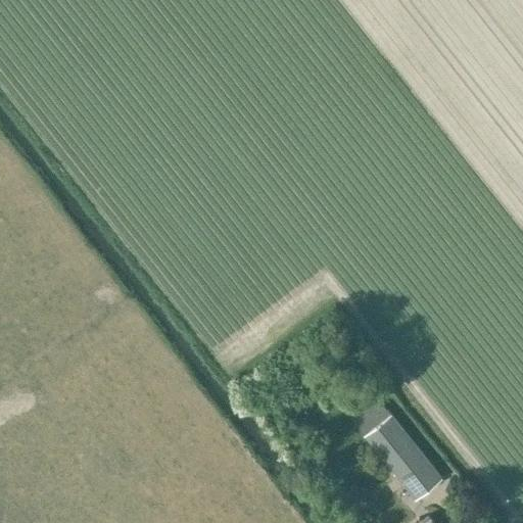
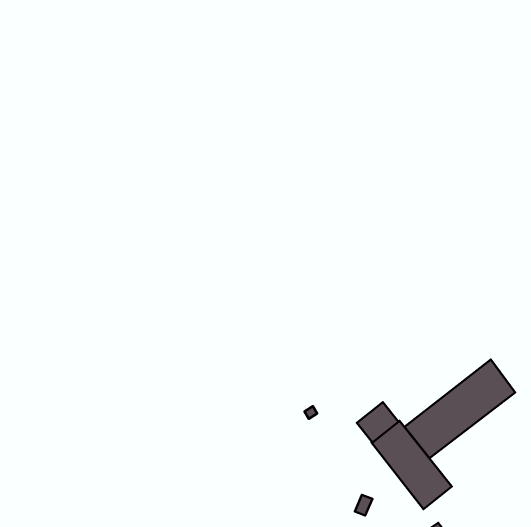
building: none -> [405,360,515,458]

